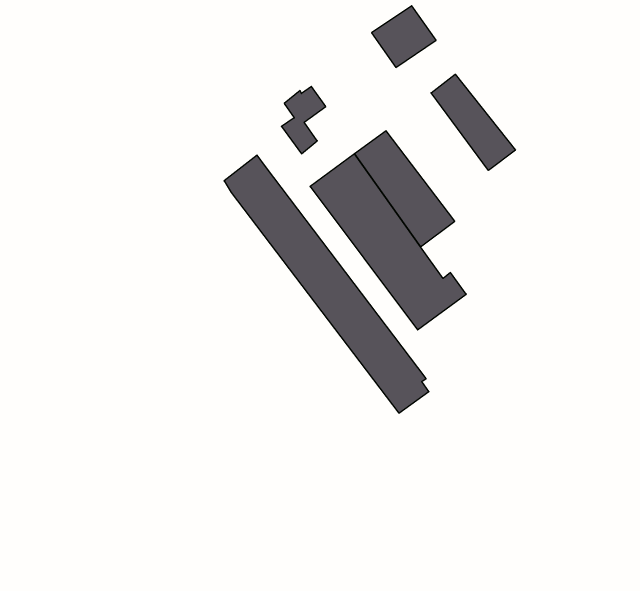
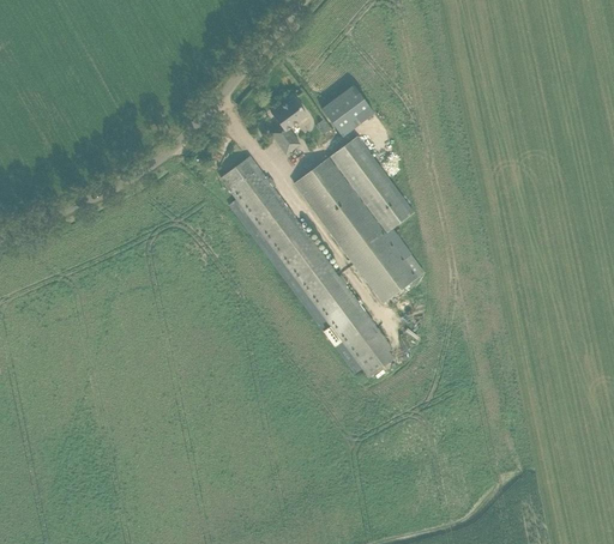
building: [372,6,436,67] -> [318,86,372,138]
building: [431,74,515,170] -> none

